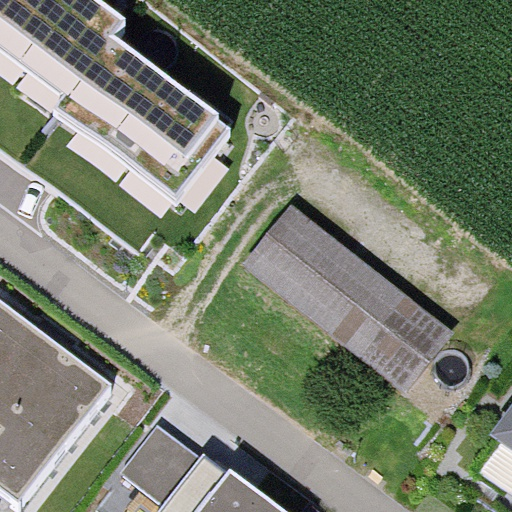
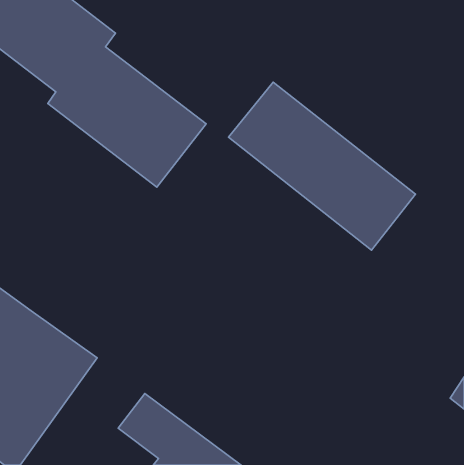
building: [244,203,448,386] -> [228,82,415,250]

